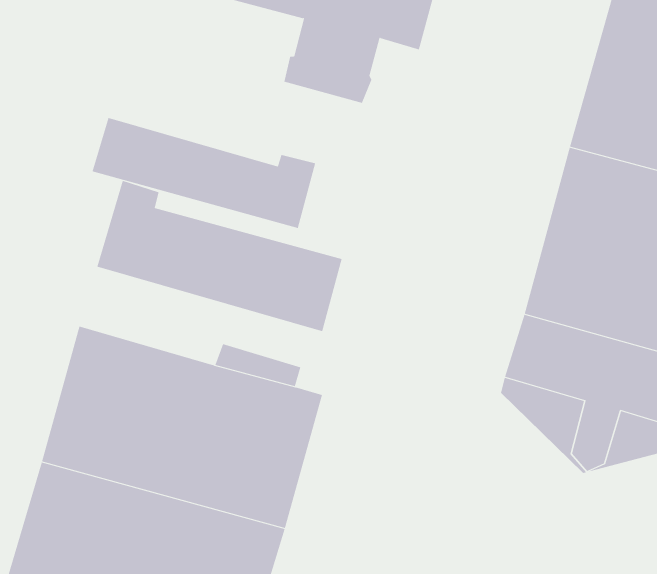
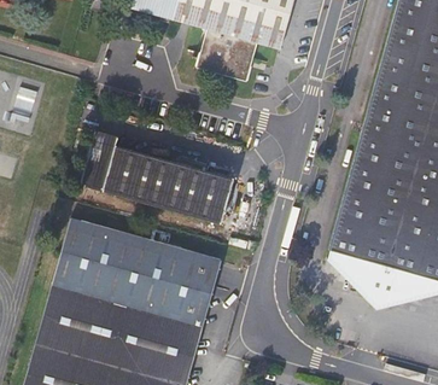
building: [92,117,316,229] -> none

